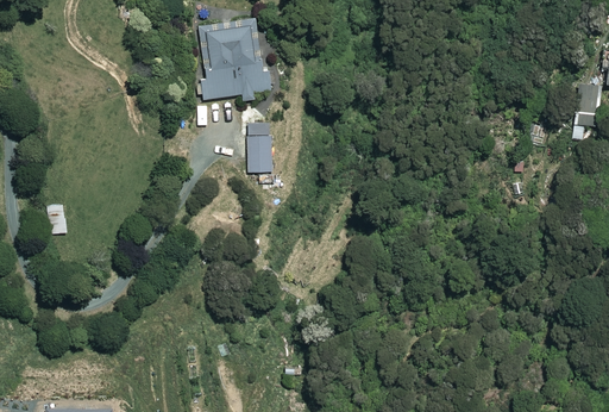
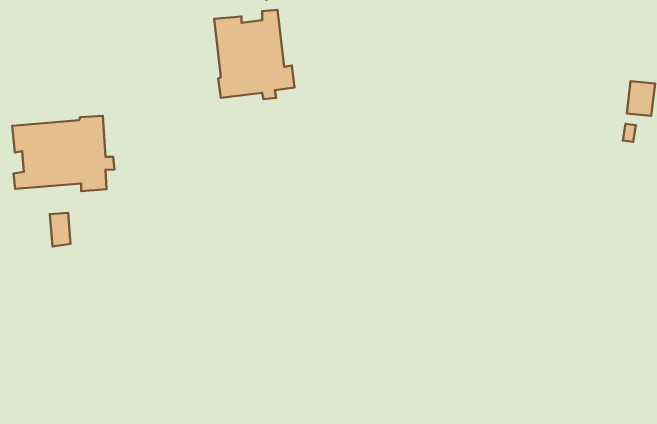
building: none -> [12,116,114,191]
building: [247,123,271,171] -> none

